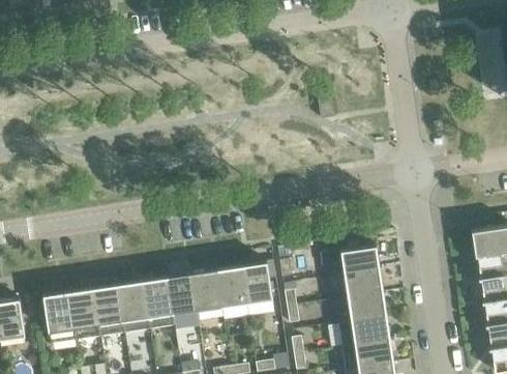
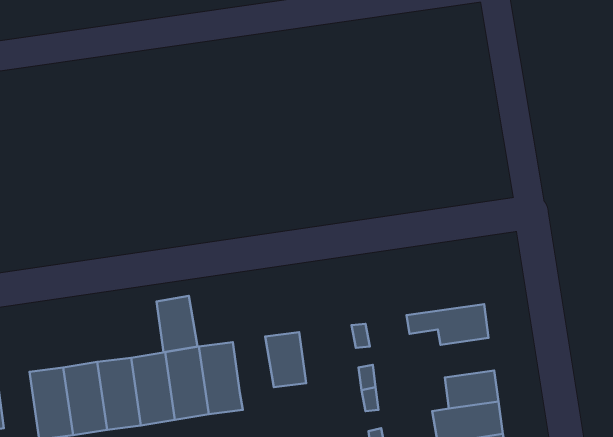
building: [241,261,272,303] -> none
building: [192,268,222,310] -> [156,296,197,352]
building: [345,269,384,298] -> none

